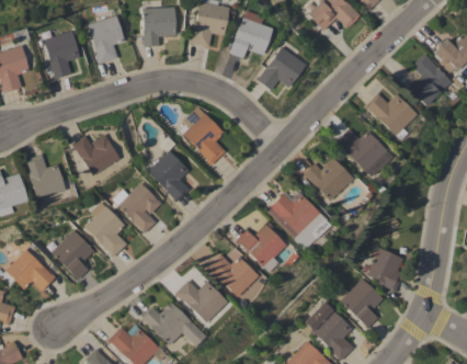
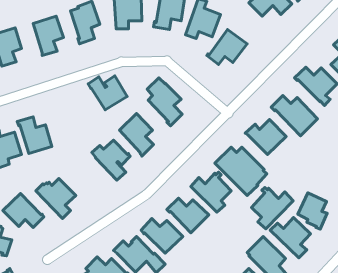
building: [72,134,121,175] -> [88,76,127,110]
building: [87,202,128,258] -> none
building: none -> [252,187,293,229]

